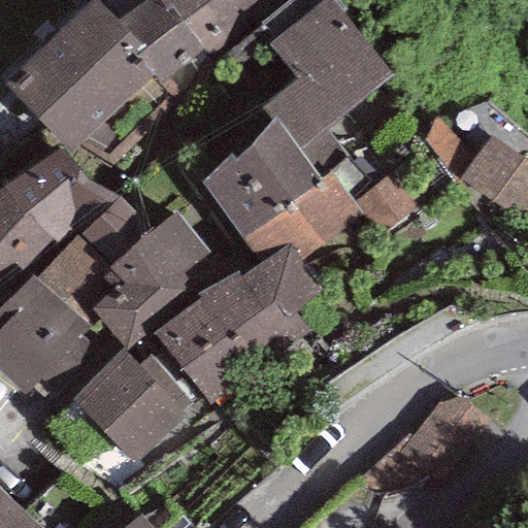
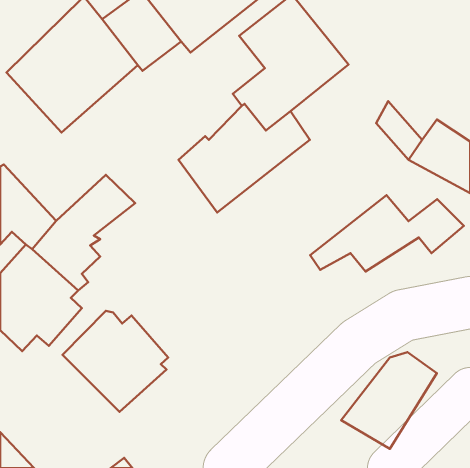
building: [4,146,119,248] -> none
building: [243,171,416,257] -> [310,195,464,272]
building: [92,210,222,345] -> none
building: [152,243,322,406] -> none

